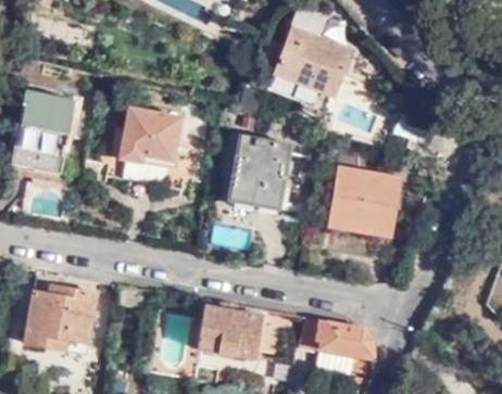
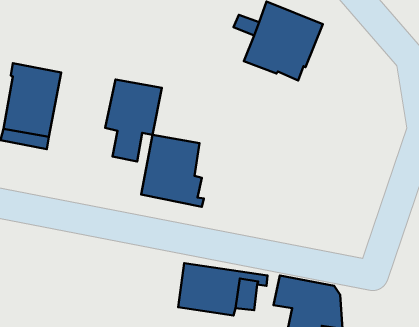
building: [227,135,293,211] -> [141,135,204,207]
building: [327,164,418,242] -> none
building: [23,267,97,352] -> none

